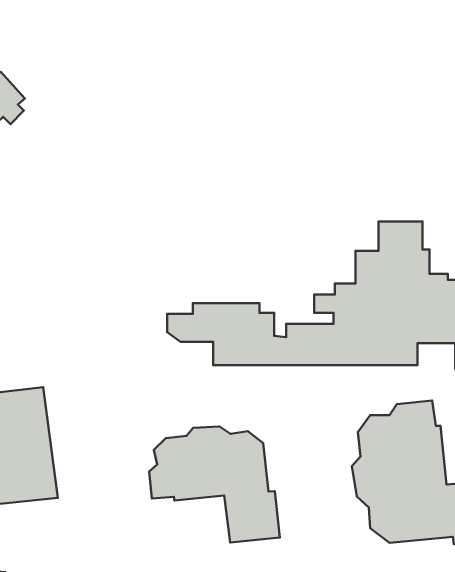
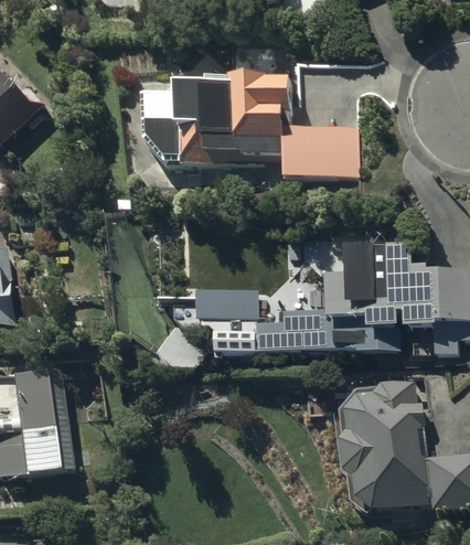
building: none -> [142,70,359,177]
building: [149,427,280,542] -> none

